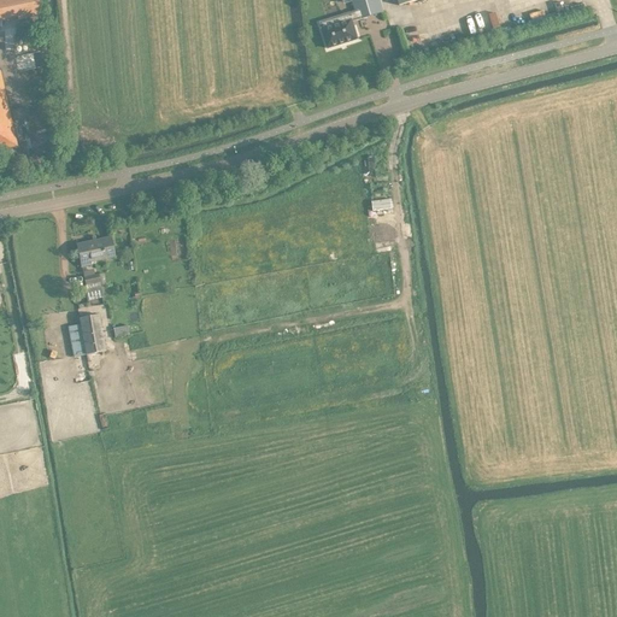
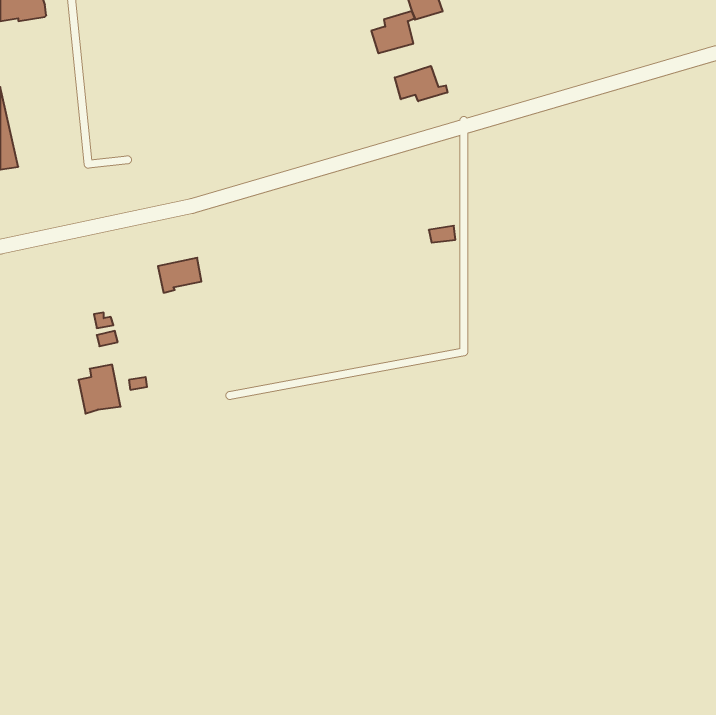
building: none -> [395,66,447,101]
building: [75,235,112,265] -> [158,258,201,293]

